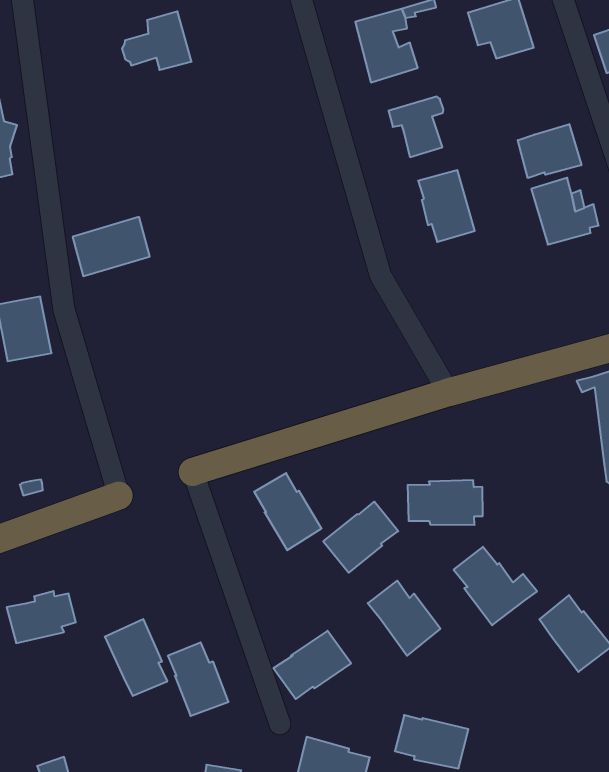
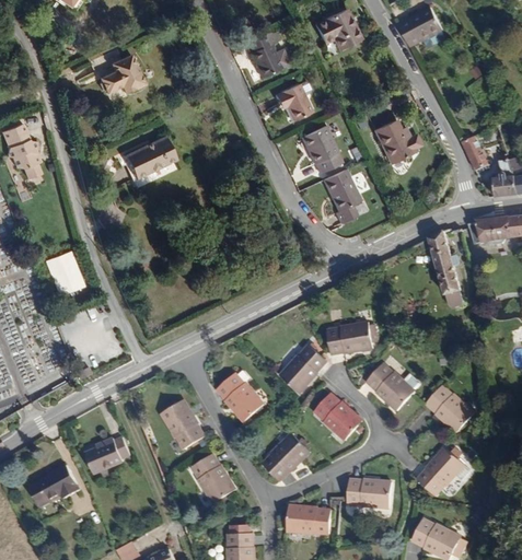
building: [518,124,581,178] -> none
building: [73,217,150,276] -> [124,135,175,178]
building: none -> [322,168,360,224]
building: [254,473,322,550] -> [214,373,262,422]
building: [105,619,167,696] -> [159,398,204,448]
building: none -> [415,446,469,495]

